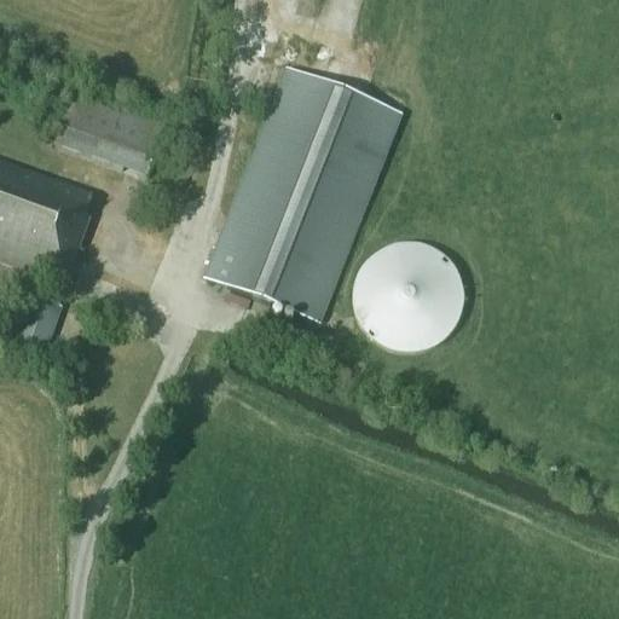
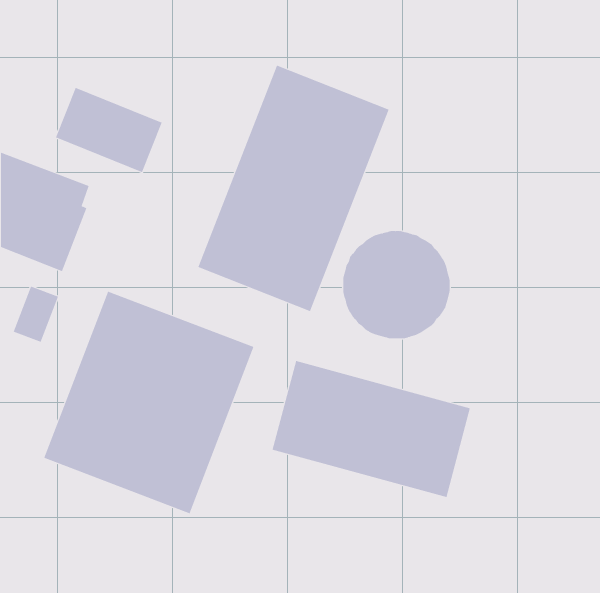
building: none -> [43,291,254,514]
building: none -> [272,360,471,498]

